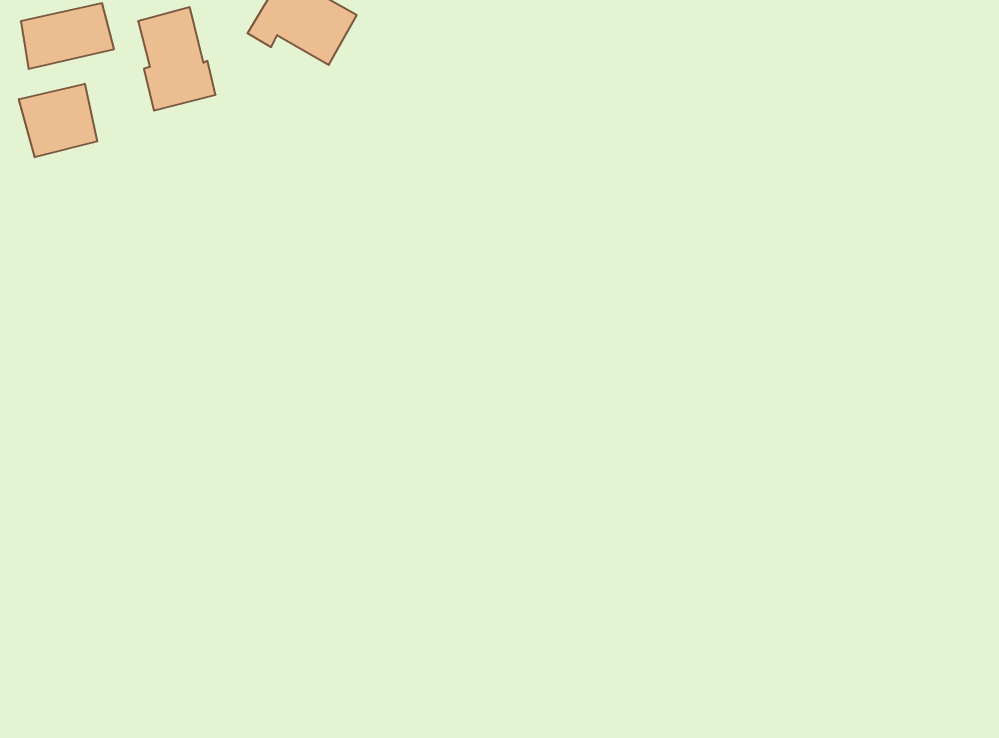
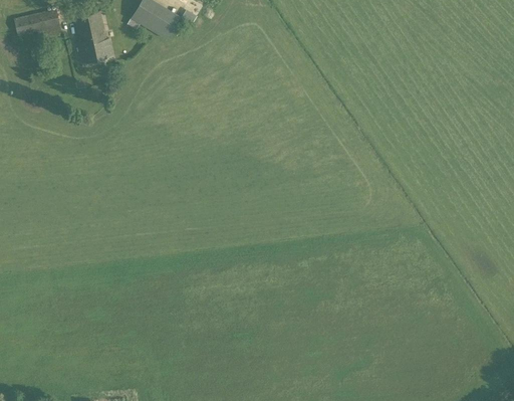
building: [19,84,97,157] -> none

